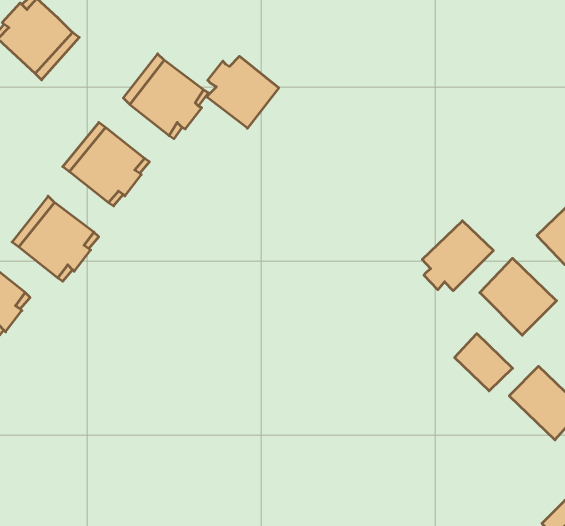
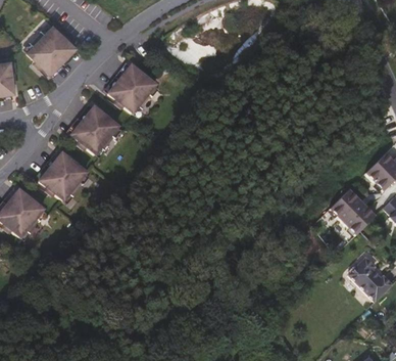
building: [207,56,279,128] -> none
building: [422,221,493,291] -> none
building: [455,334,513,391] -> none

